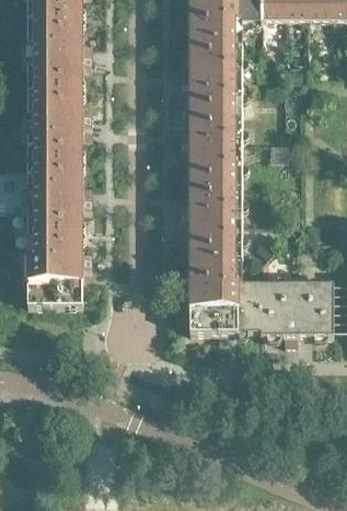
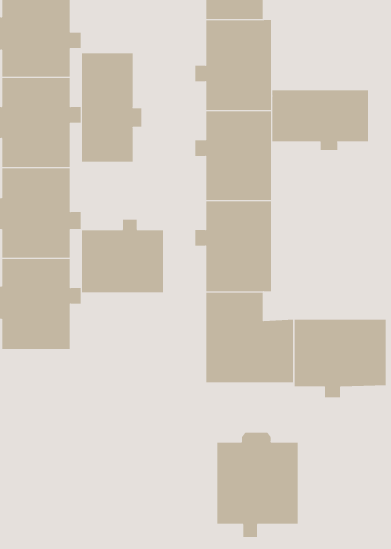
building: none -> [81,52,142,163]
building: none -> [272,89,368,151]
building: none -> [81,219,163,293]
building: none -> [217,432,298,538]

